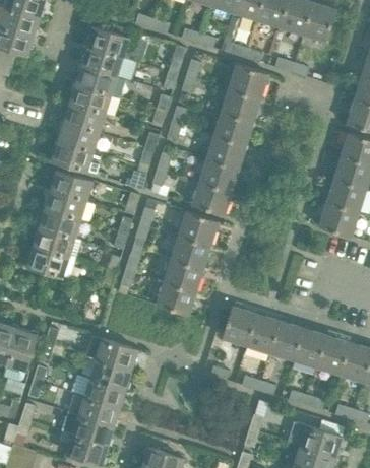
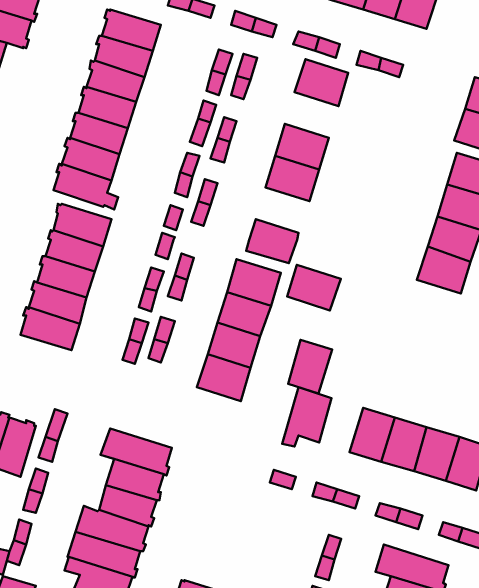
building: [222,88,261,122] -> none
building: [200,158,240,192] -> [287,265,341,310]
building: [247,314,280,353] -> [288,340,332,394]

